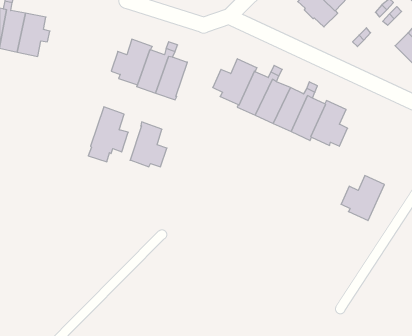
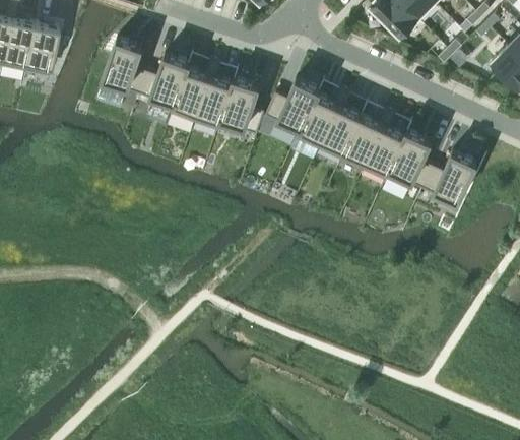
building: [88,107,128,162] -> [100,36,149,104]
building: [130,122,167,167] -> [221,75,267,131]
building: [341,176,384,221] -> [425,149,478,205]

